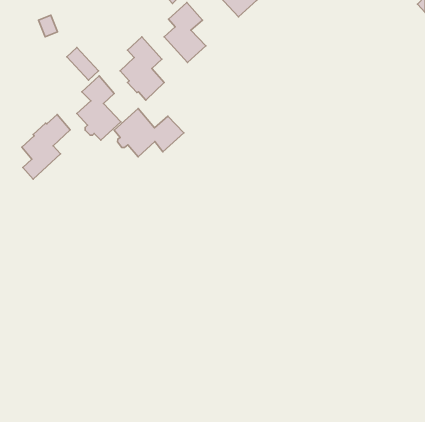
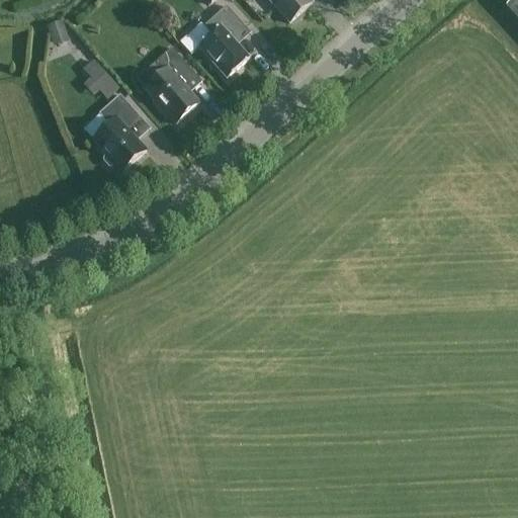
building: [114,108,184,157] -> none
building: [22,114,70,179] -> none

